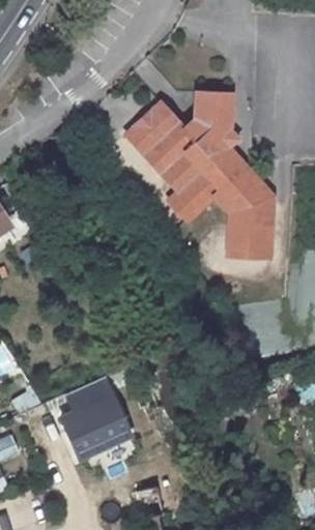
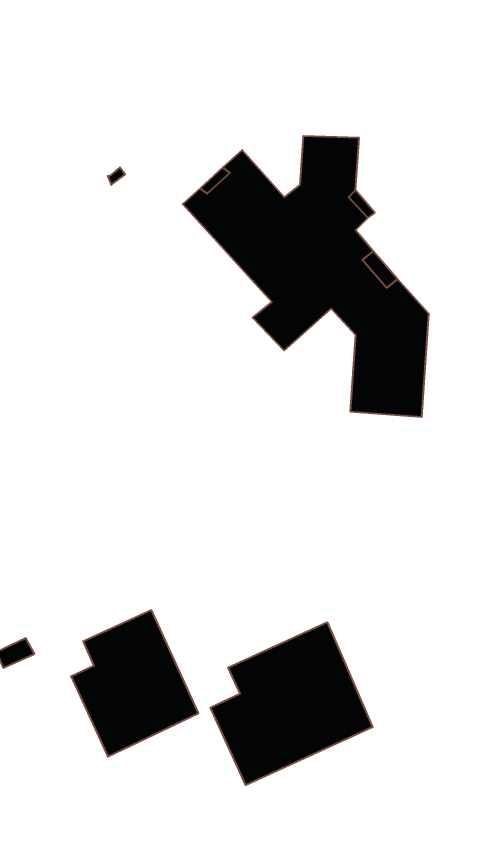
building: none -> [211,622,373,785]

